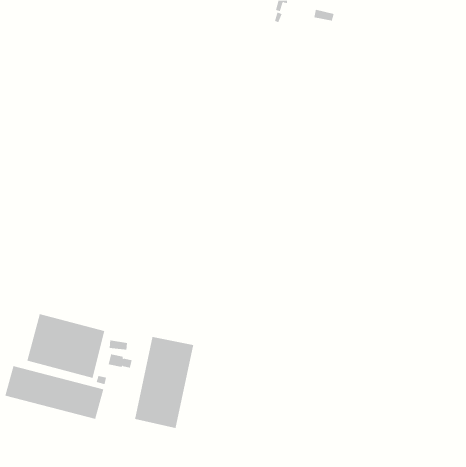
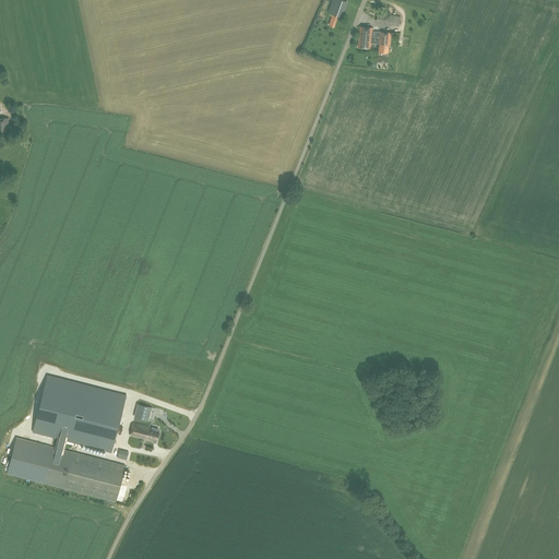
building: none -> [357,26,390,52]
building: [134,336,194,429] -> none

